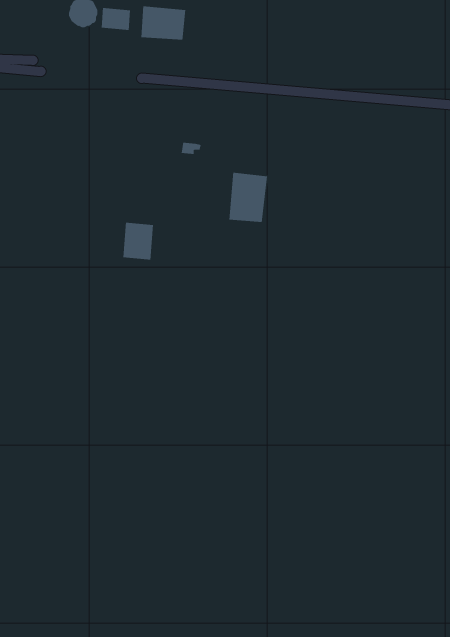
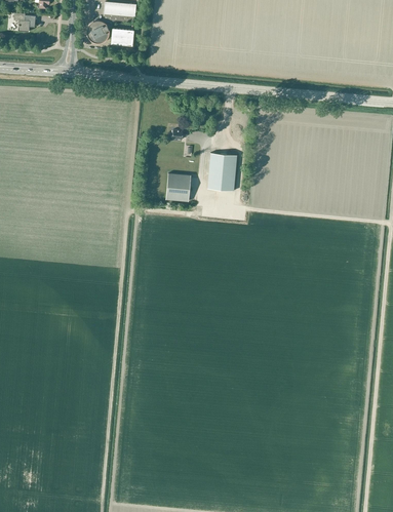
building: [141,6,186,41] -> none
building: [123,222,154,260] -> [166,172,190,201]

